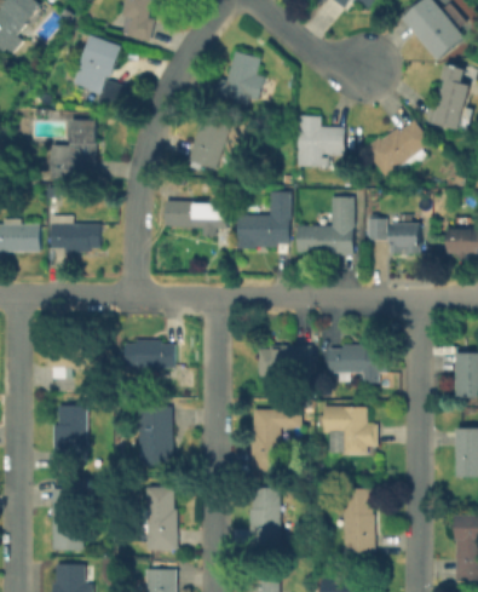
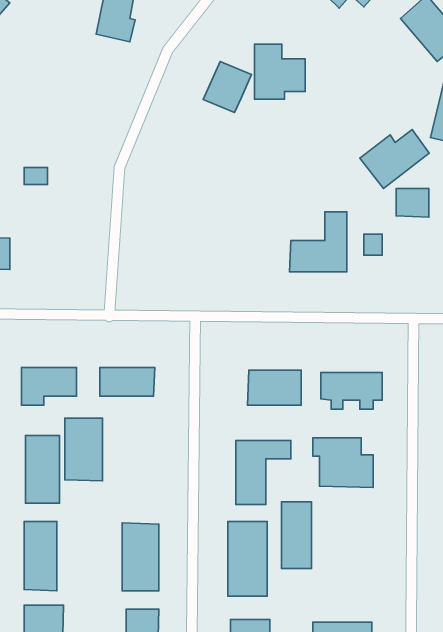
building: [75,36,127,100] -> none
building: [298,115,345,166] -> [254,44,305,99]
building: [70,117,94,145] -> none
building: [186,117,230,171] -> none
building: [240,194,290,247] -> none
building: [163,202,226,235] -> none
building: [53,214,99,253] -> none
building: [391,225,421,252] -> [396,188,429,217]
building: [137,406,172,464] -> [65,418,103,481]
building: [345,489,373,551] -> [282,502,312,569]

